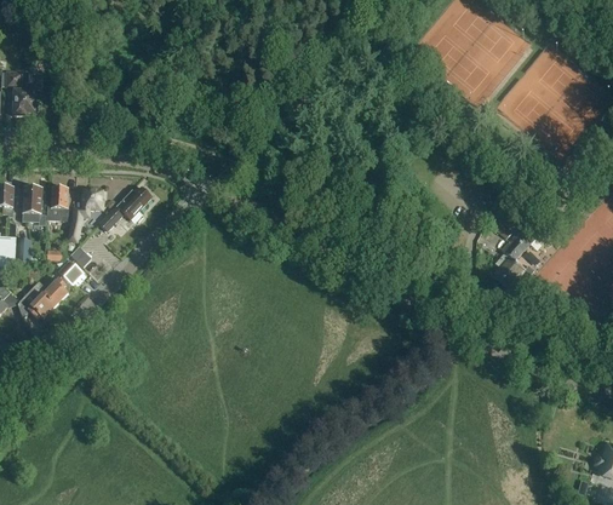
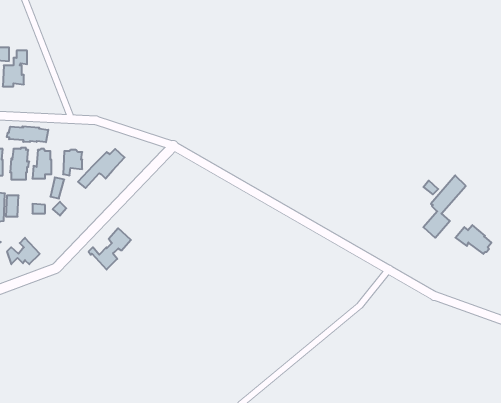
building: none -> [7,126,48,142]
building: [35,259,84,306] -> [89,228,131,270]
building: none -> [455,225,491,254]

